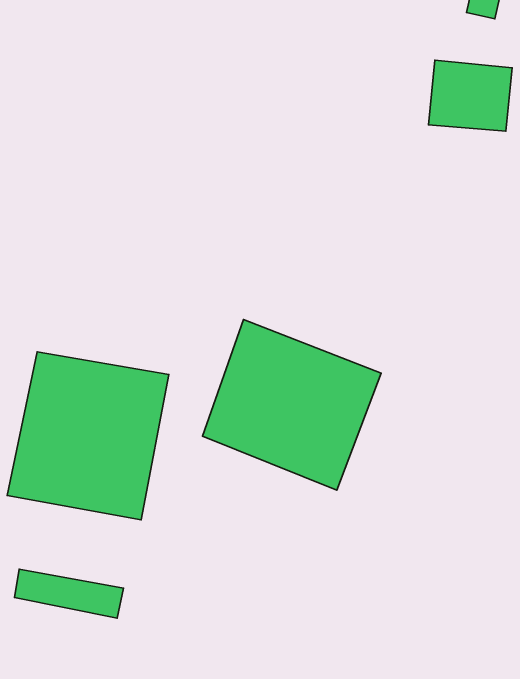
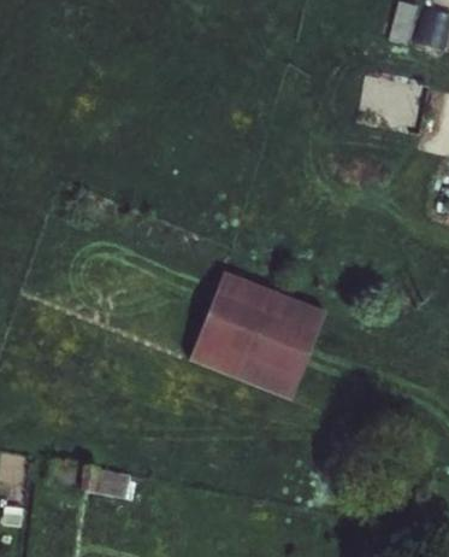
building: [7,352,169,520] -> none

